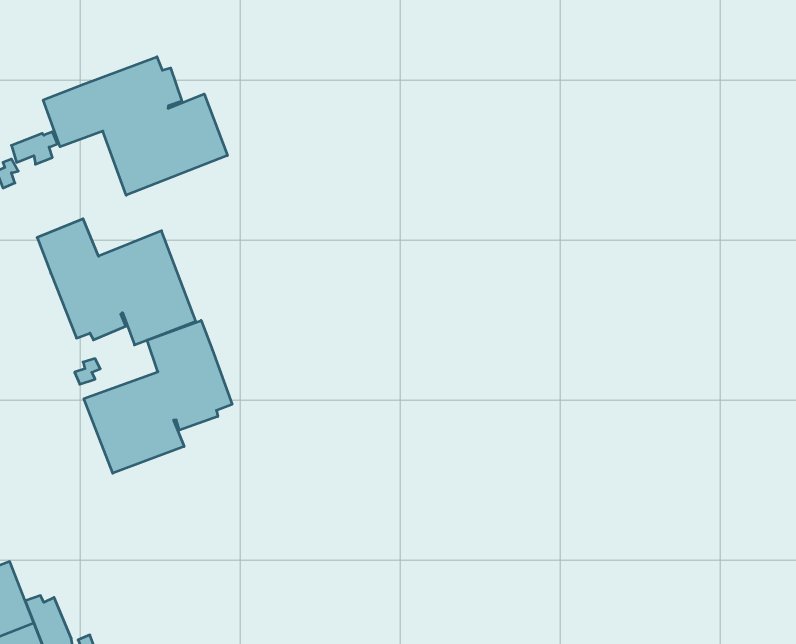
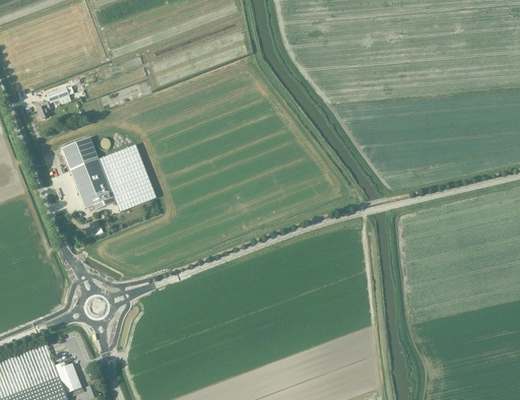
building: [43,57,227,195] -> none
building: [84,320,232,473] -> none

